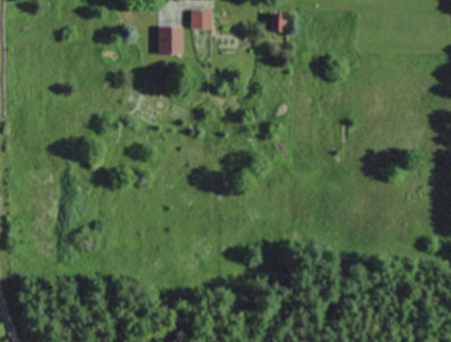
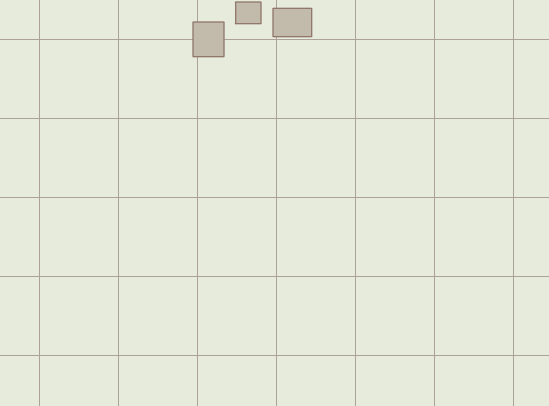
building: none -> [273,8,311,37]

